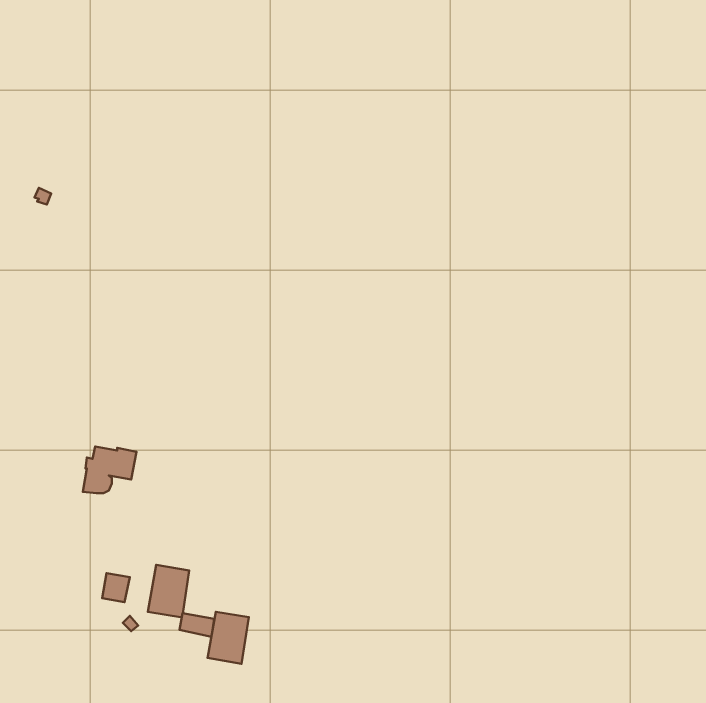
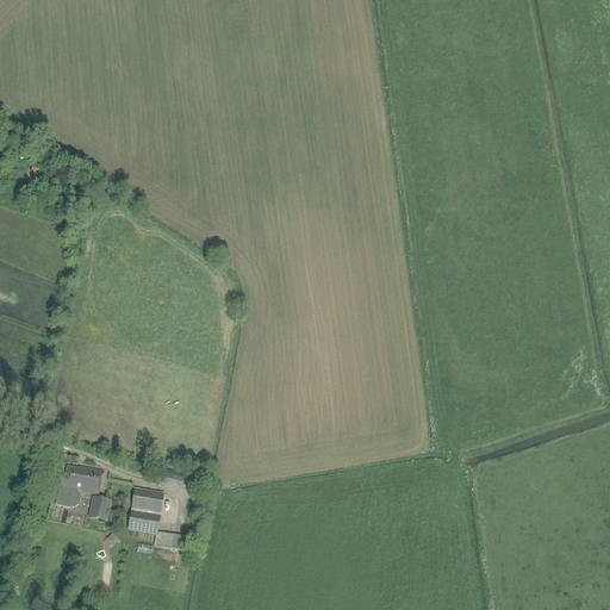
building: [83,446,137,493] -> [56,465,102,505]
building: [207,612,249,664] -> none

